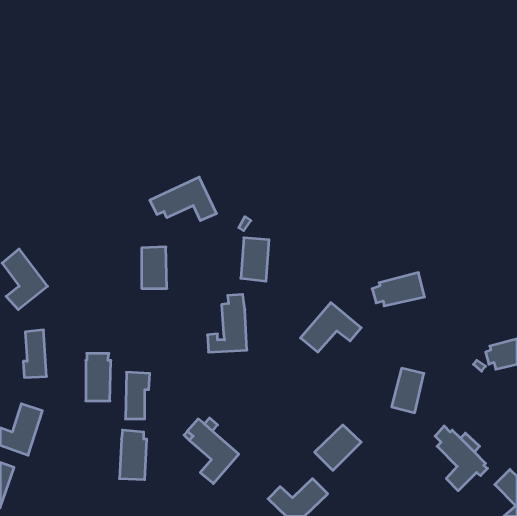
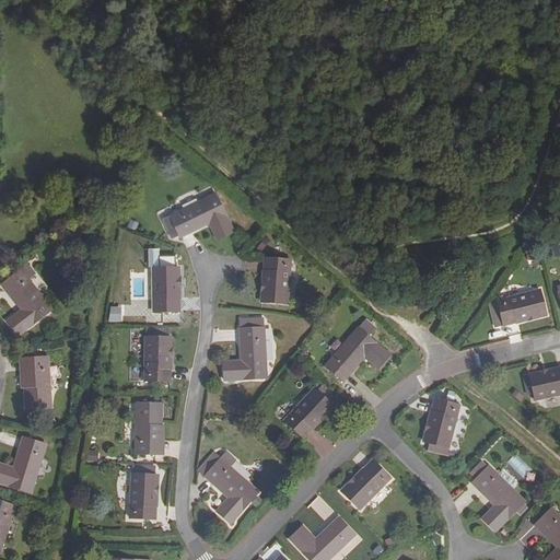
building: [372,273,425,306] -> [490,289,547,325]
building: [86,353,111,401] -> [144,329,172,381]
building: none -> [279,388,334,438]

